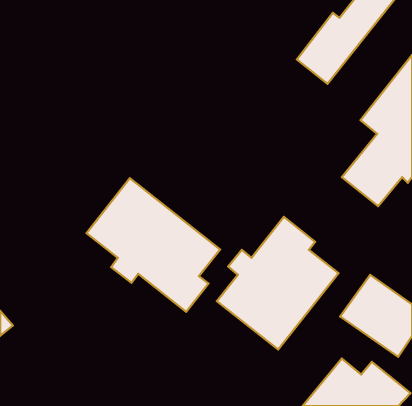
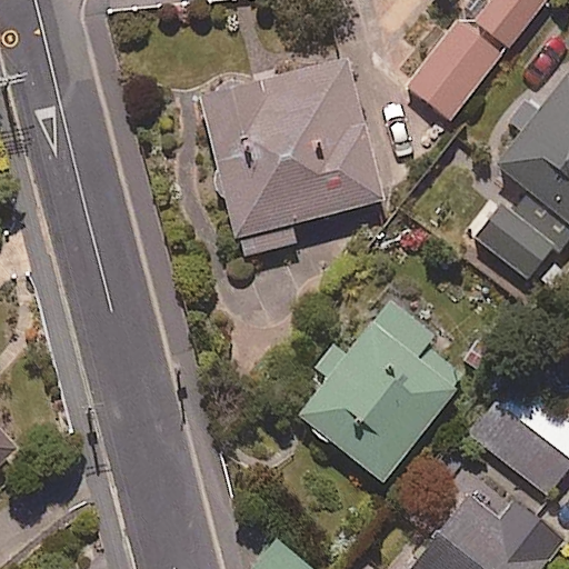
building: none -> [196,58,383,257]
building: [86,178,220,312] -> none

